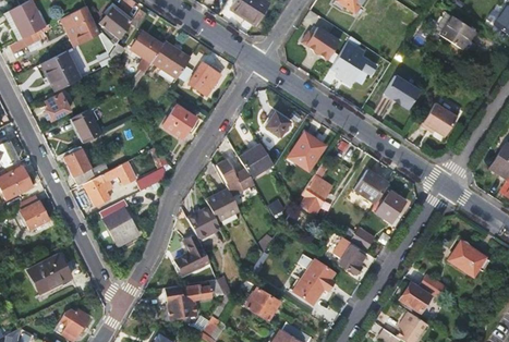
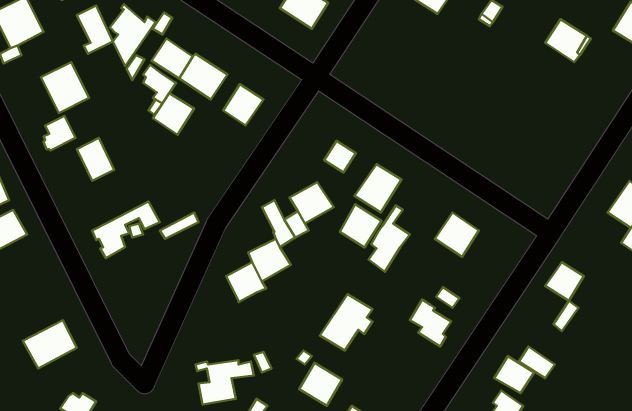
building: [300,25,338,58] -> none
building: [329,42,375,86] -> none
building: [381,73,419,108] -> none
building: [419,102,455,136] -> none
building: [162,106,195,138] -> [153,93,194,135]
building: [63,145,96,185] -> none
building: none -> [340,204,381,248]
building: [376,191,405,222] -> none
building: [100,198,138,244] -> none
building: [20,200,49,230] -> none
building: [177,239,216,280] -> none
building: [453,244,484,274] -> [545,262,584,301]
building: [293,260,335,305] -> [320,294,372,351]

